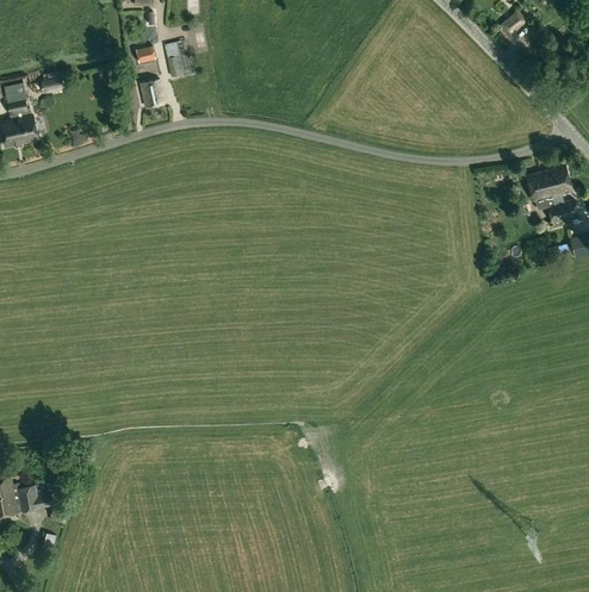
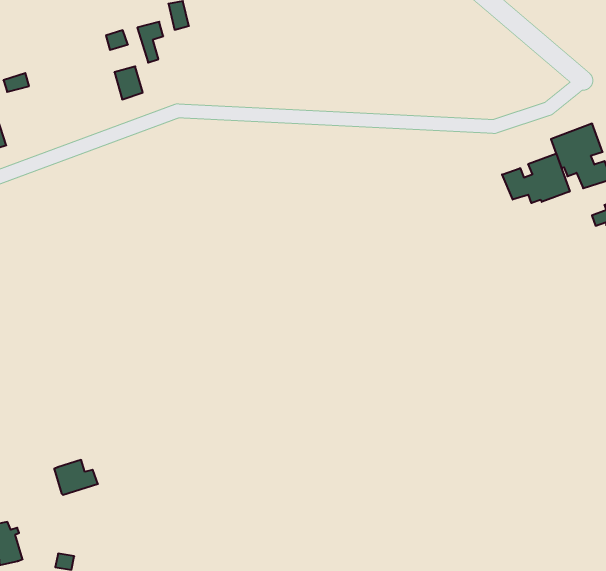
building: none -> [502,154,570,203]
building: [17,484,55,513] -> [54,460,98,495]

